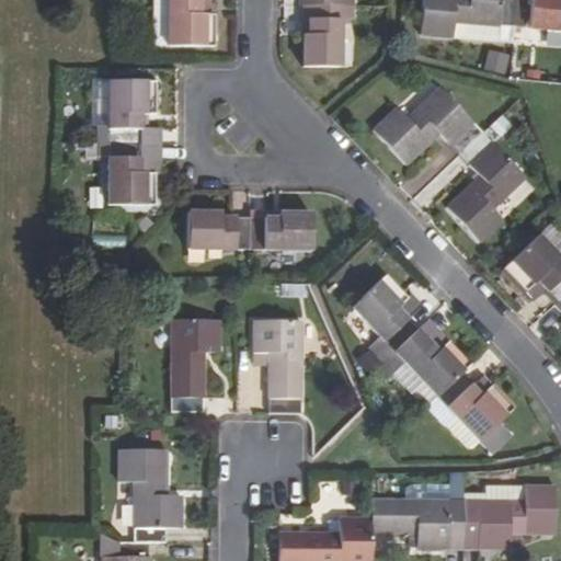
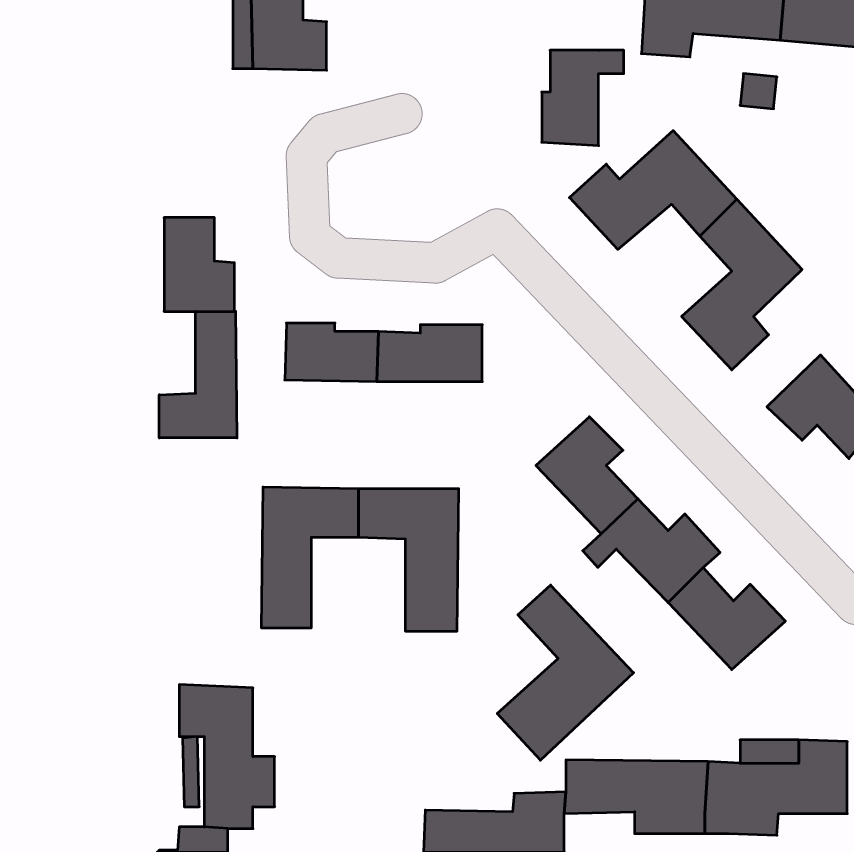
building: [302,4,356,67] -> [542,50,624,146]
building: [108,79,161,142] -> none
building: none -> [159,311,237,438]
building: none -> [497,585,634,760]

